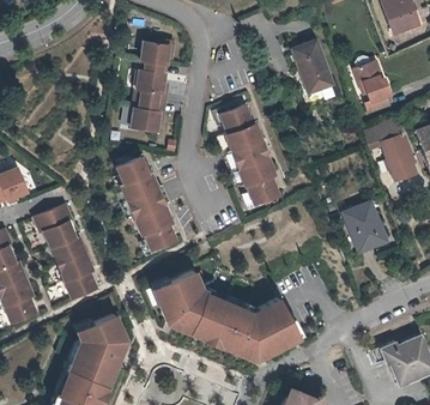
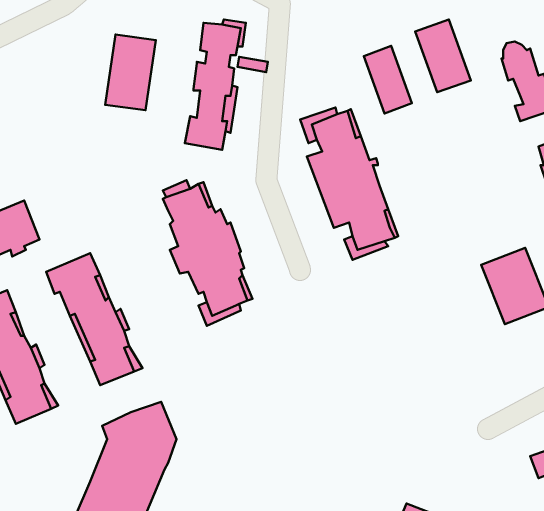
building: none -> [105,35,156,110]
building: none -> [364,46,412,113]
building: [150,274,301,368] -> none

